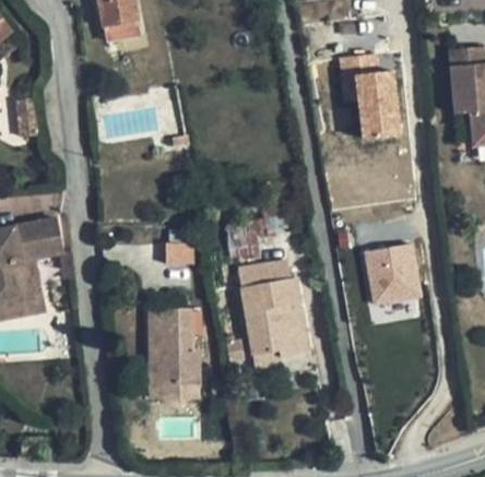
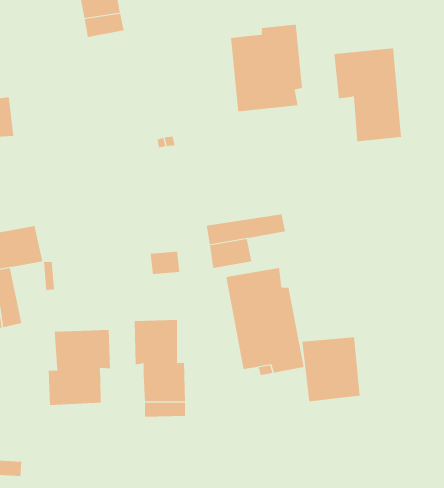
building: none -> [230,24,302,112]
building: [364,243,419,305] -> [301,337,361,402]
building: none -> [48,329,110,406]

